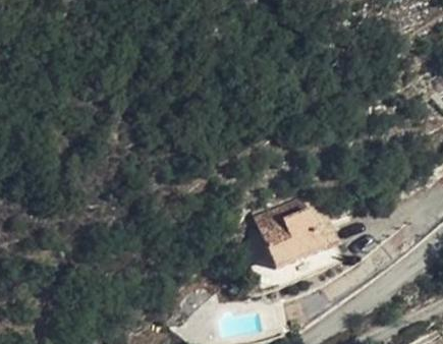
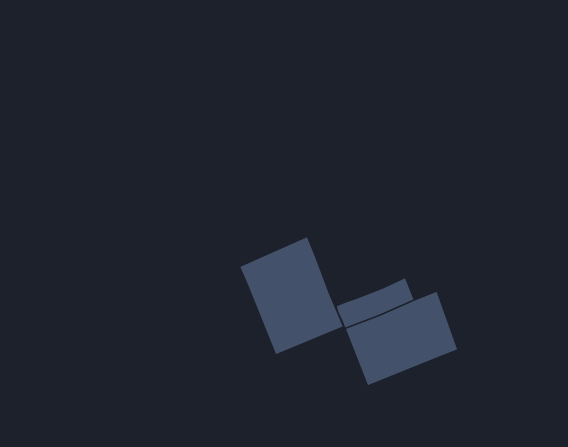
building: none -> [239,236,344,355]

